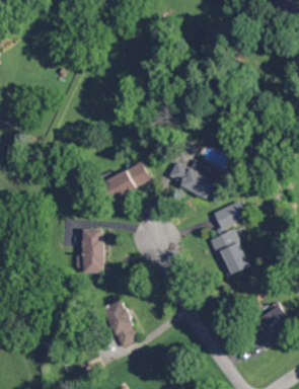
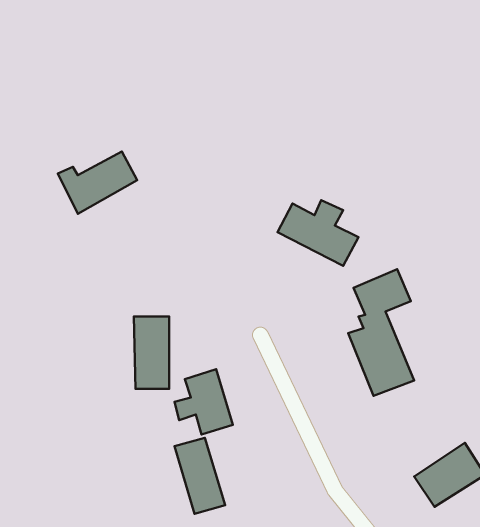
building: [102,162,150,200] -> [58,152,137,214]
building: none -> [175,369,233,435]

